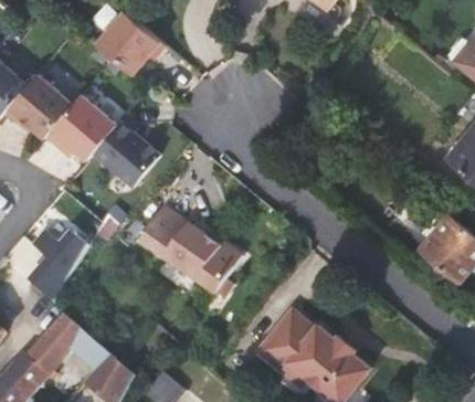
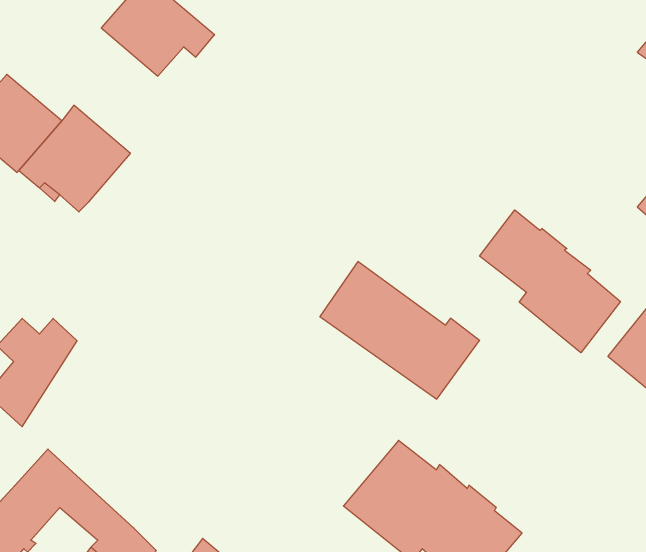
building: [91,118,157,188] -> none
building: none -> [480,210,620,353]
building: [138,204,241,293] -> [320,262,480,399]

